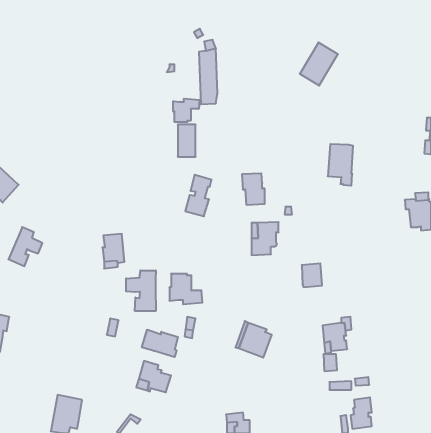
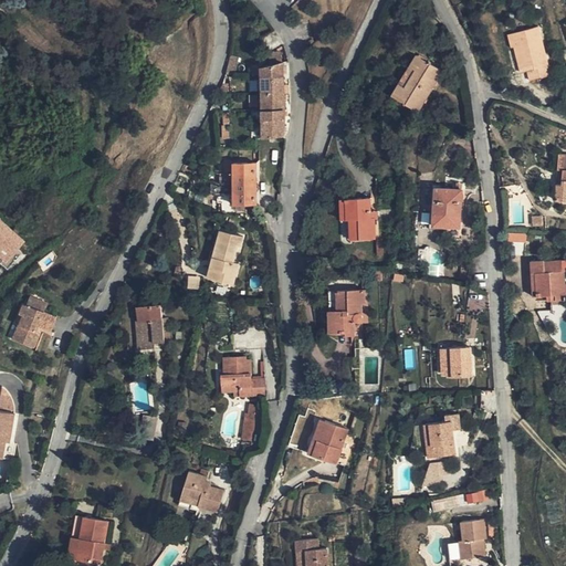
building: none -> [510,28,548,81]
building: [173,99,199,122] -> none
building: [242,173,265,205] -> [344,198,374,239]
building: [185,175,212,216] -> [207,231,241,285]
building: [302,263,322,287] -> [444,346,471,377]
building: [126,270,156,311] -> none
building: [142,330,178,357] -> none

